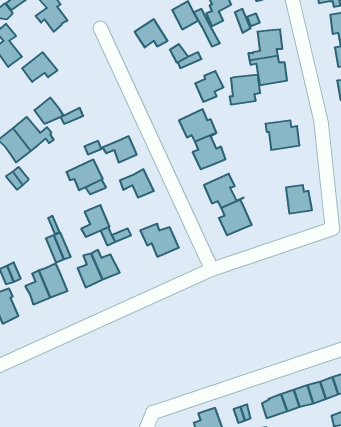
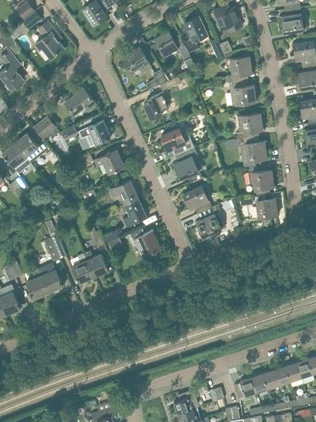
building: [22,52,57,82] -> [65,88,96,114]
building: [195,71,224,102] -> [143,93,168,120]
building: [230,75,260,104] -> [236,113,263,139]
building: none -> [247,166,274,195]
building: [66,160,103,190] -> [79,120,111,147]
building: [81,205,110,237] -> [122,198,147,226]

